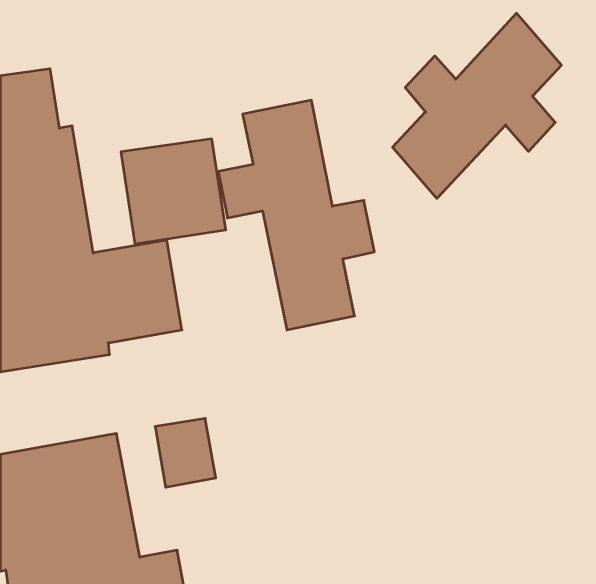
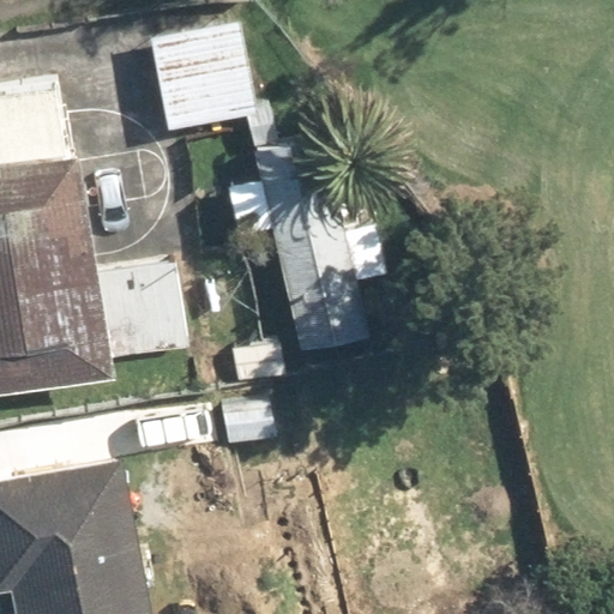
building: [393,13,561,198] -> none
building: [121,139,226,244] -> [146,23,254,131]

